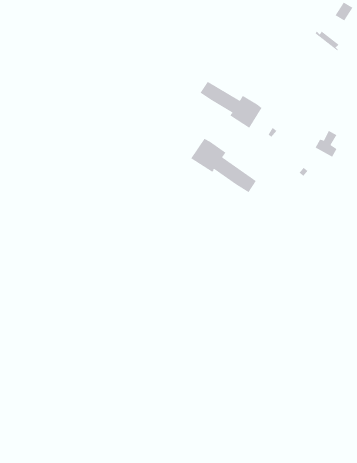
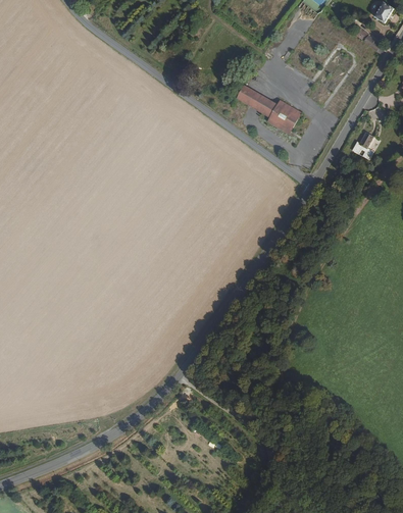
building: [190,138,257,193] -> none

